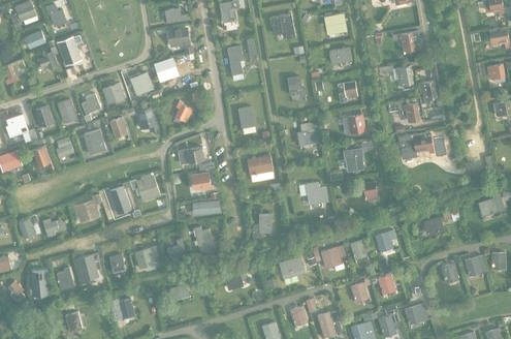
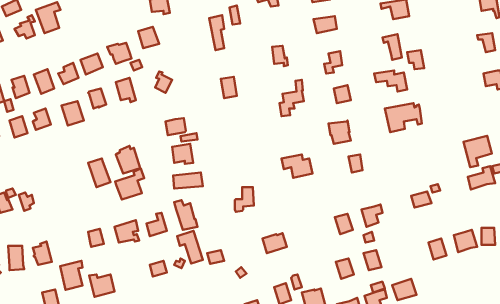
building: [247,155,274,176] -> none
building: none -> [464,136,492,167]
building: [74,193,102,223] -> [115,169,144,200]
building: [320,246,345,271] -> none
building: [77,253,99,281] -> [60,261,82,290]
building: none -> [177,231,203,264]

